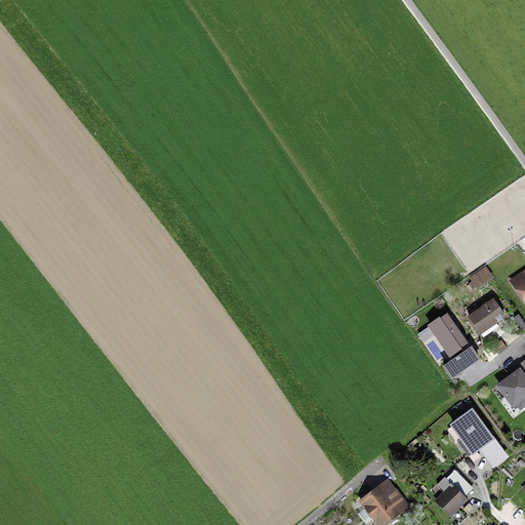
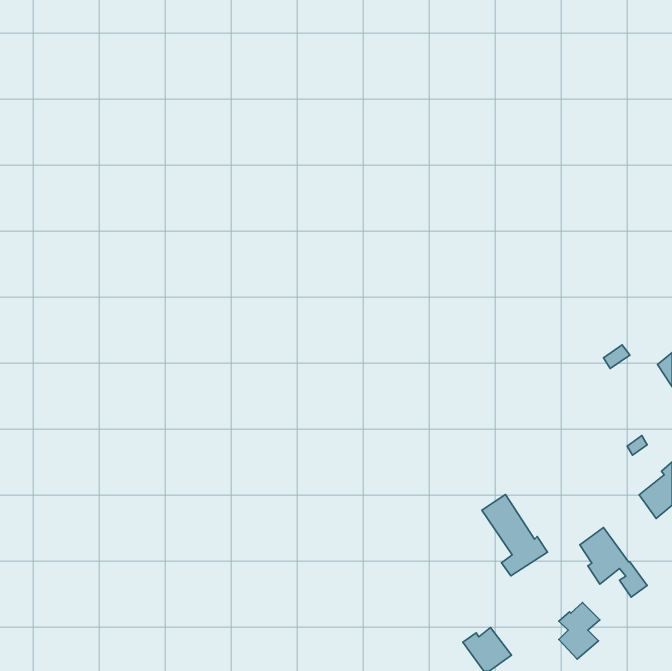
building: [469,300,503,336] -> none
building: [429,313,480,376] -> [482,494,548,576]

